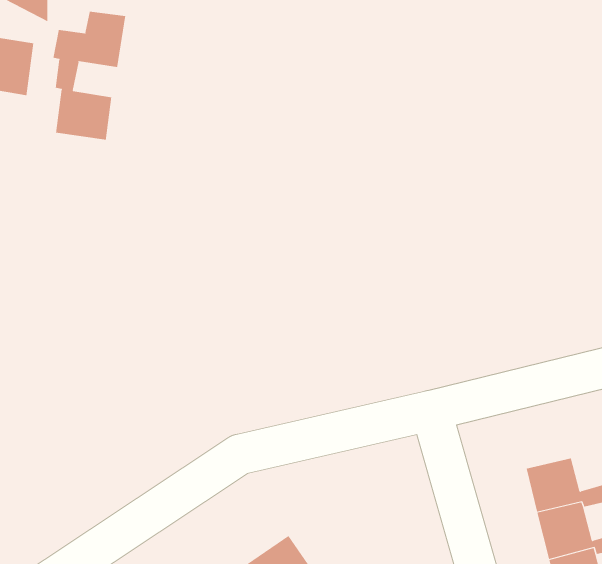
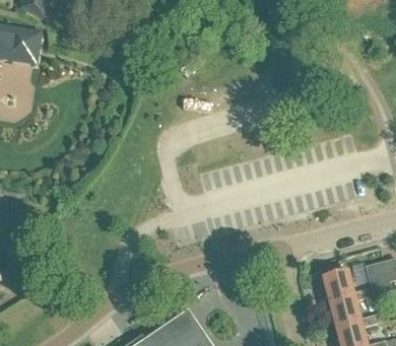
building: [53,11,126,141] -> none

